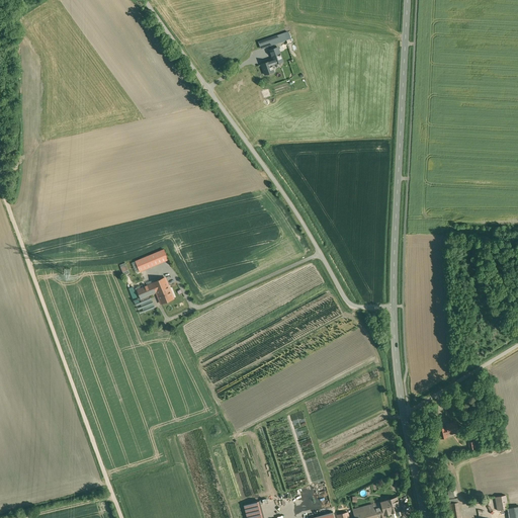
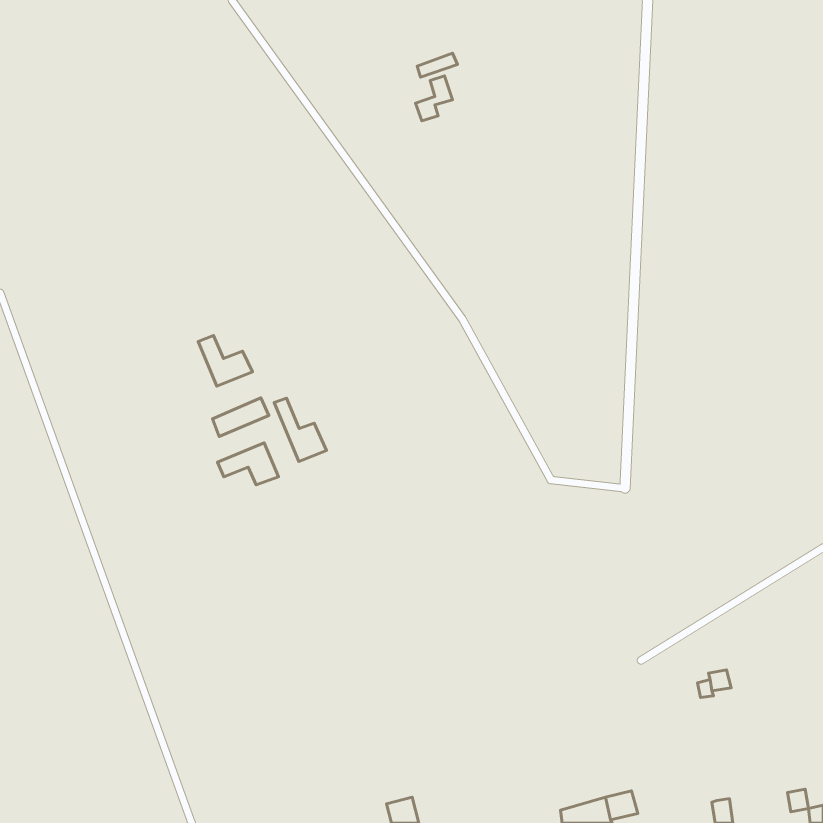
building: none -> [198,335,252,386]
building: none -> [274,398,327,462]

